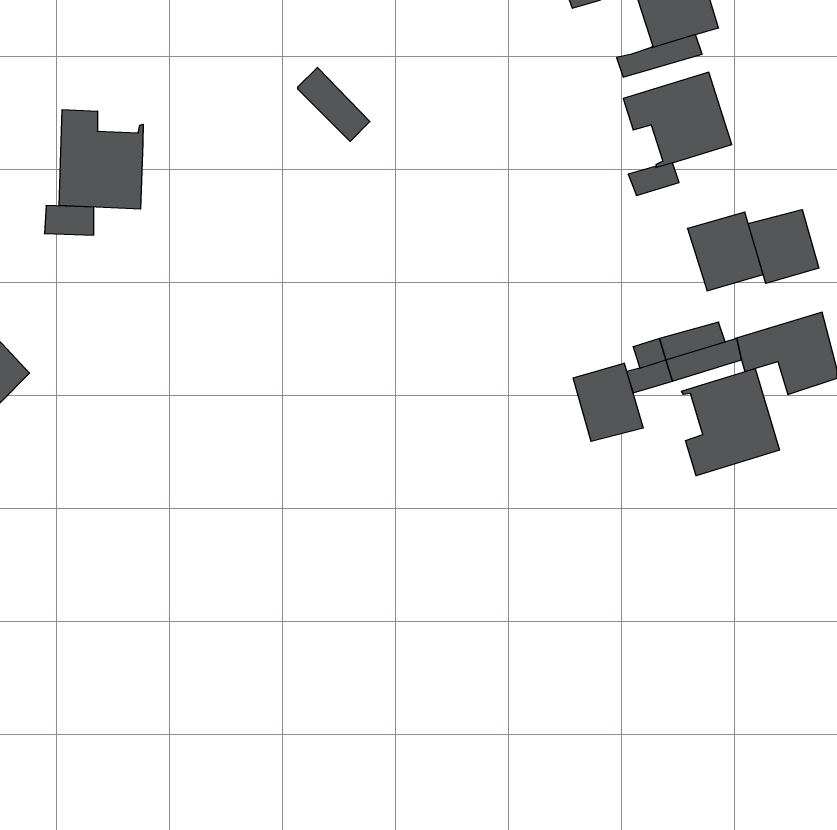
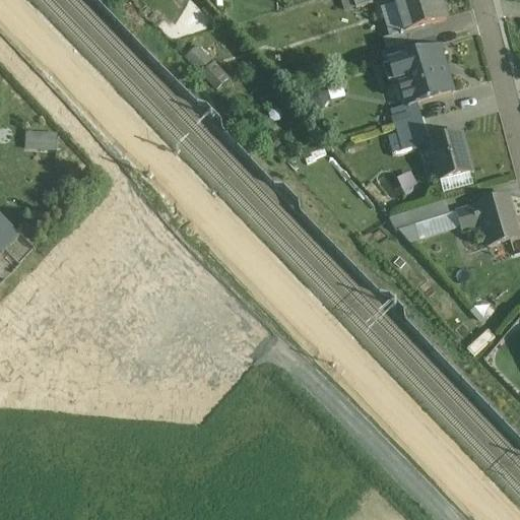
building: [59,110,143,209] -> none
building: none -> [393,113,426,138]
building: [748,210,819,283] -> none
building: [573,363,643,441] -> none
building: [681,368,780,476] -> none

